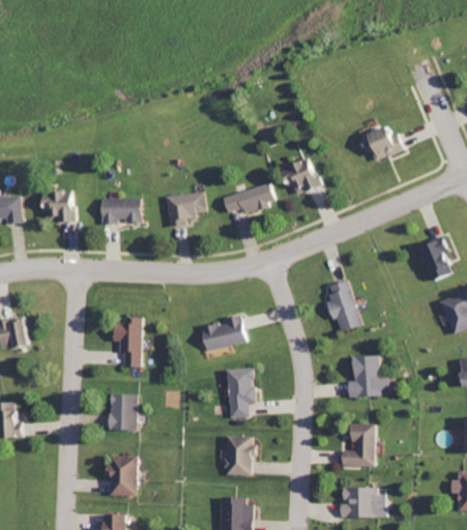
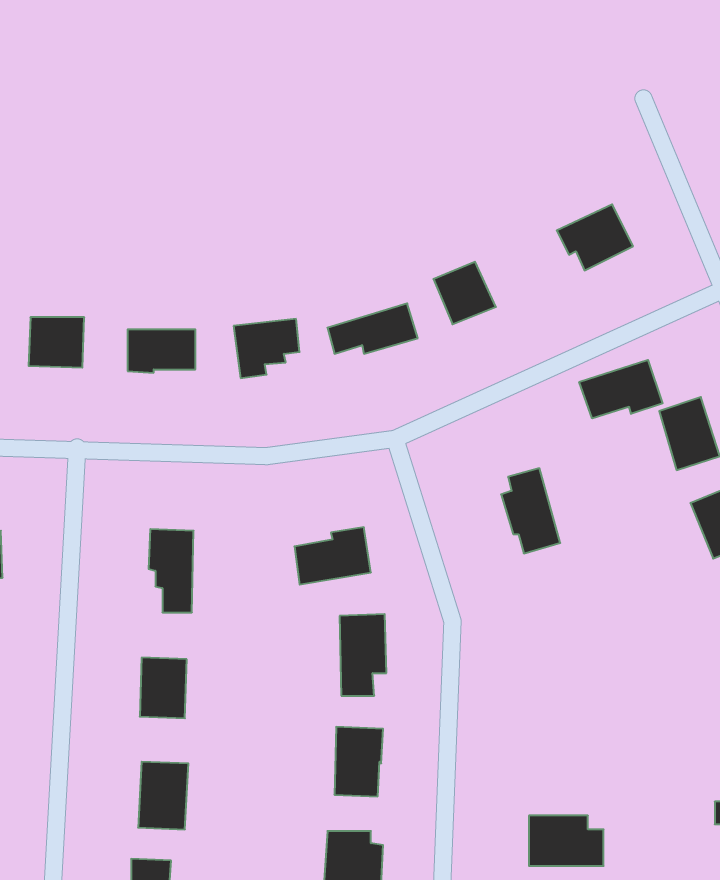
building: none -> [579,360,663,418]
building: [348,355,388,398] -> none
building: [342,423,377,466] -> none

